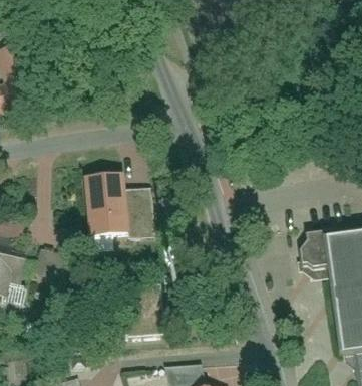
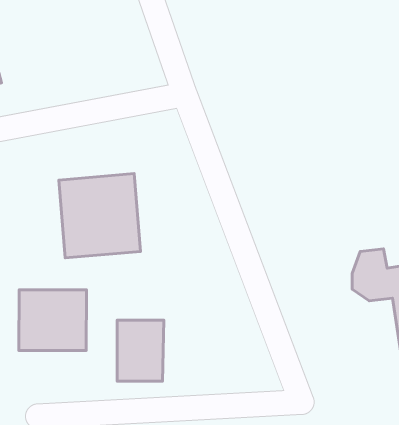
building: none -> [19,290,86,350]

